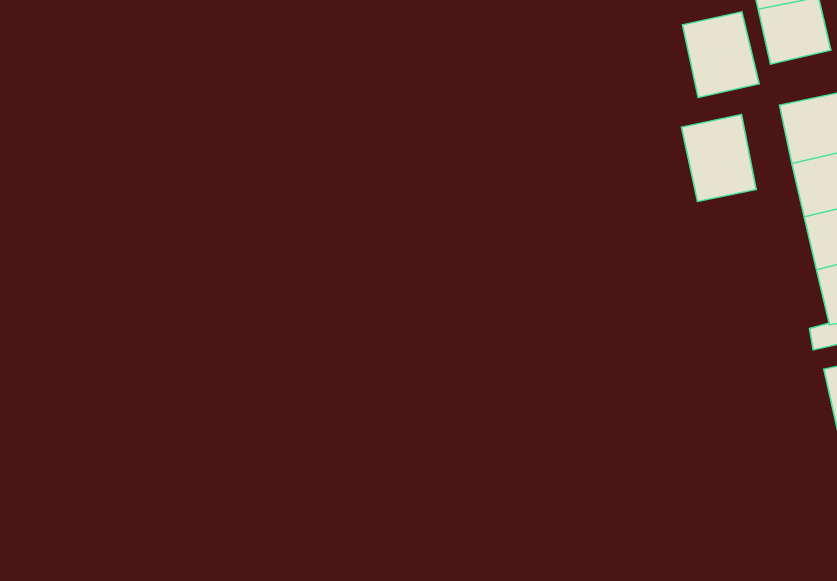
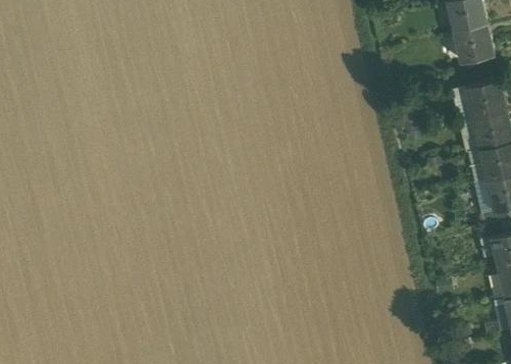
building: [682,12,759,98] -> none
building: [681,114,756,201] -> none

